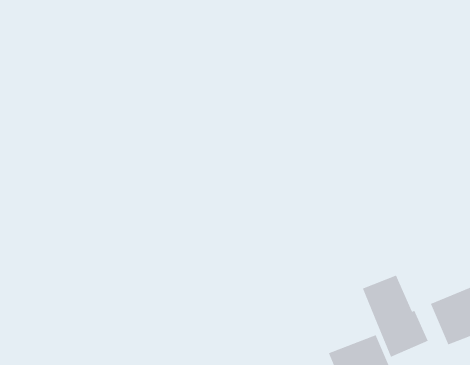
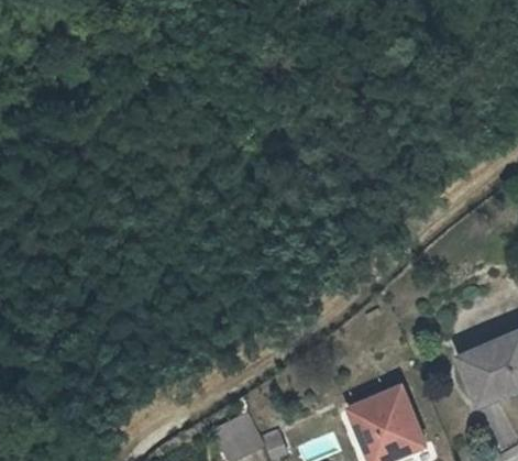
building: [362,274,429,358] -> none

